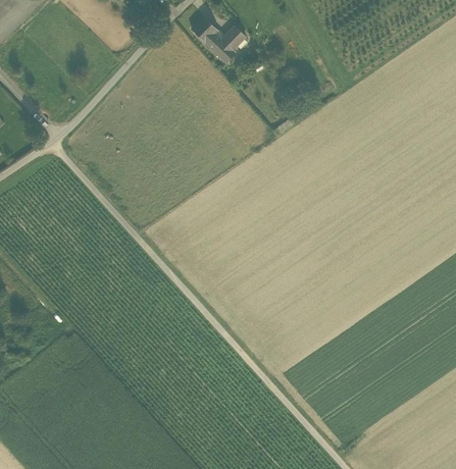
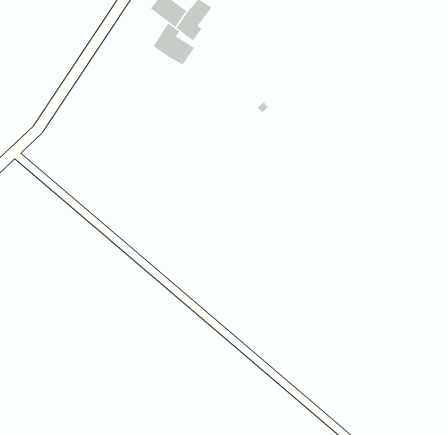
building: none -> [153,23,195,65]

